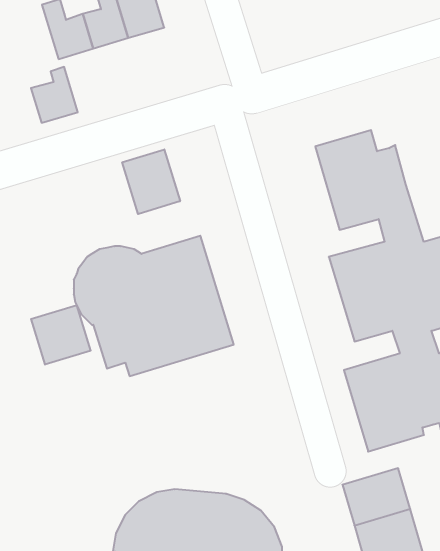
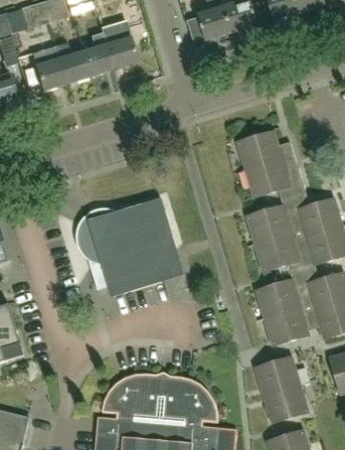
building: [31,67,78,123] -> [34,52,65,90]
building: [122,149,180,214] -> none
building: [31,305,91,365] -> none

